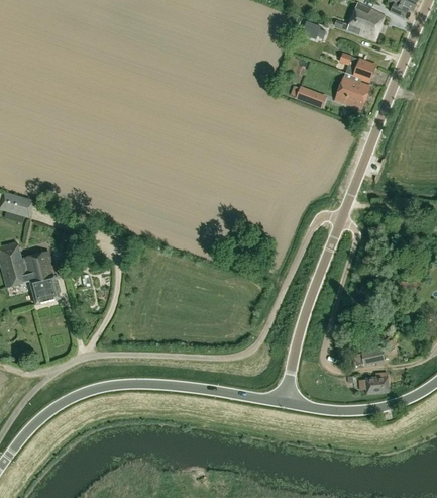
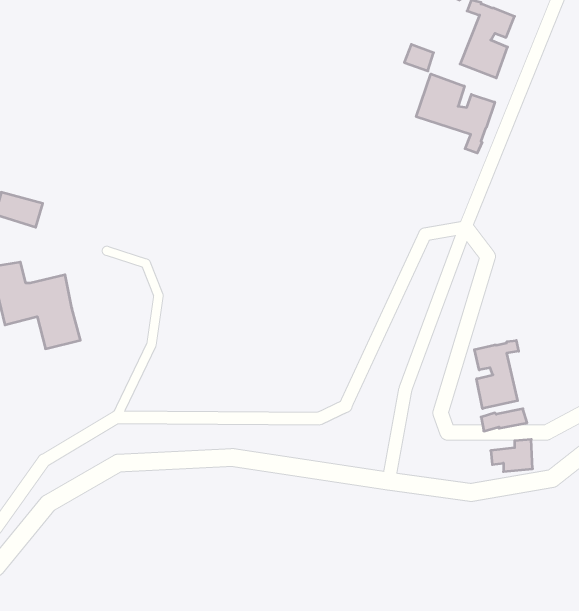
building: none -> [416,74,495,153]
building: none -> [474,340,519,409]

